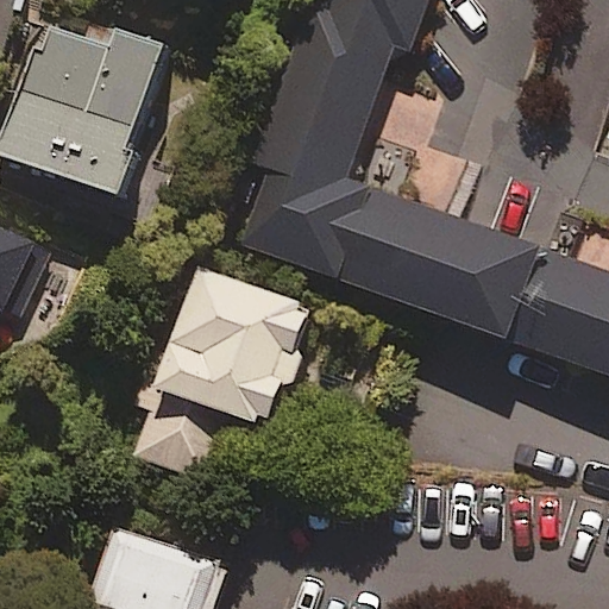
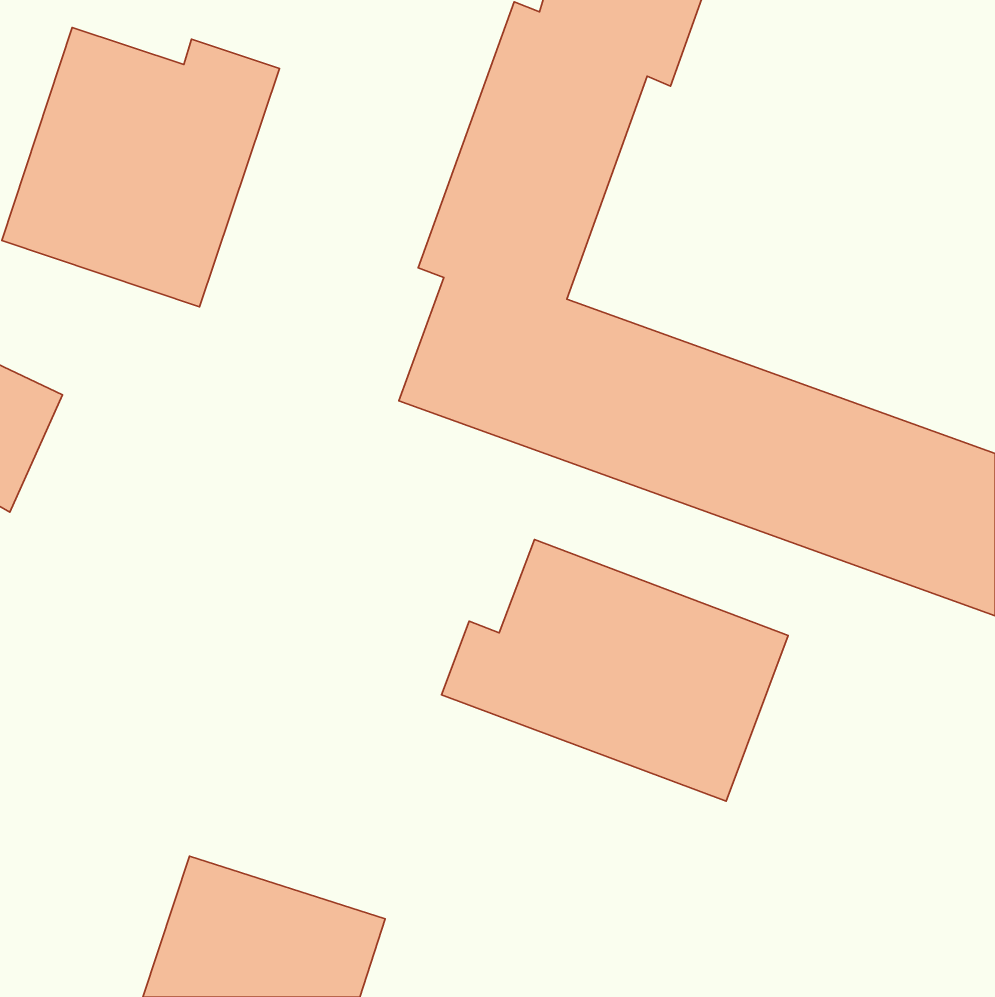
building: [134,269,307,483] -> none
building: none -> [441,540,788,801]

